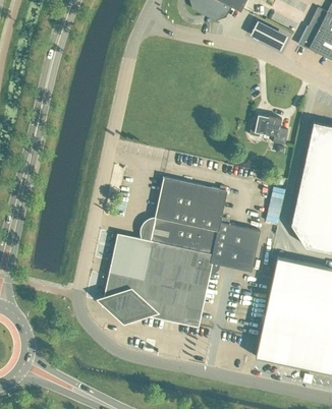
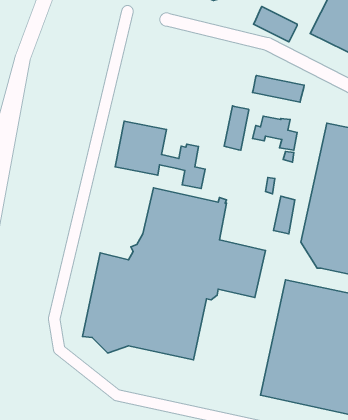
building: none -> [253,76,304,102]
building: none -> [224,106,249,150]
building: none -> [115,121,205,188]

